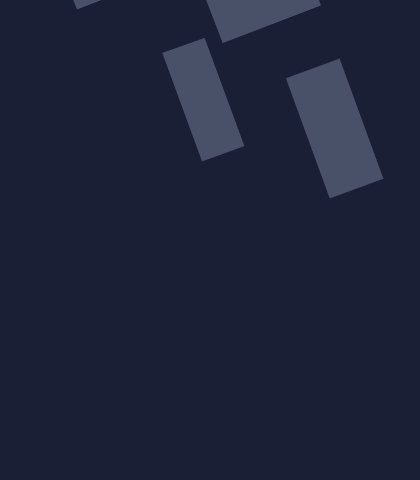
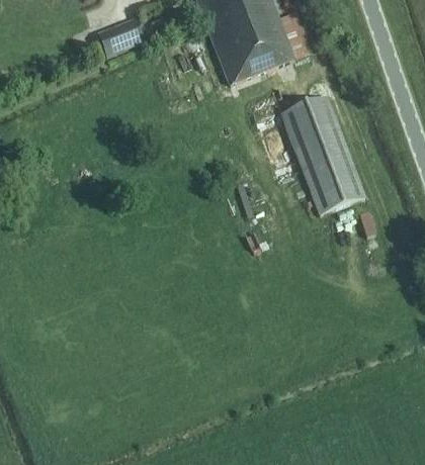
building: [161,37,245,163] -> none

